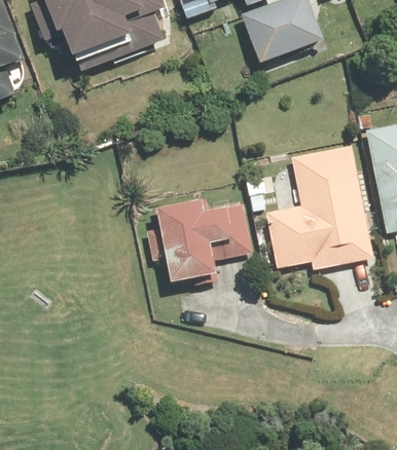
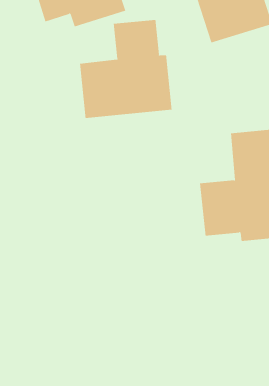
building: none -> [79,19,172,119]
building: [140,195,253,284] -> none

